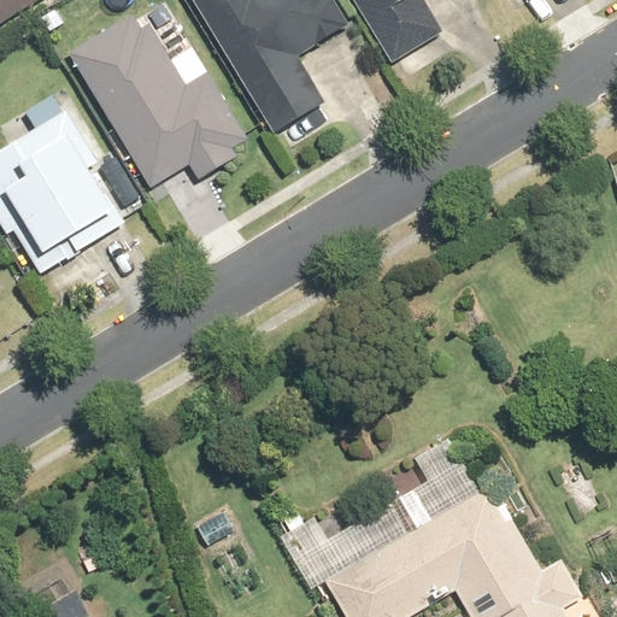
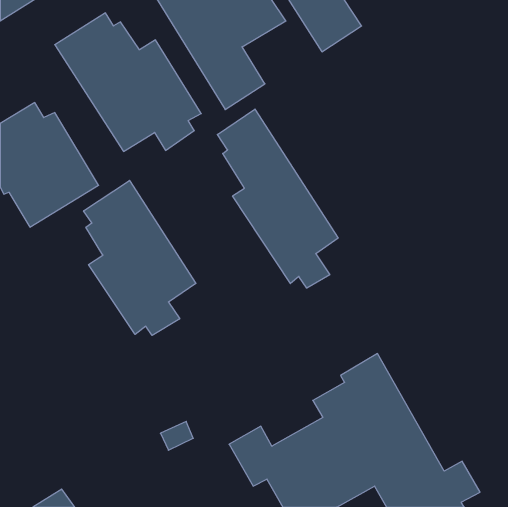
building: none -> [217,109,338,288]
building: none -> [84,180,196,335]

